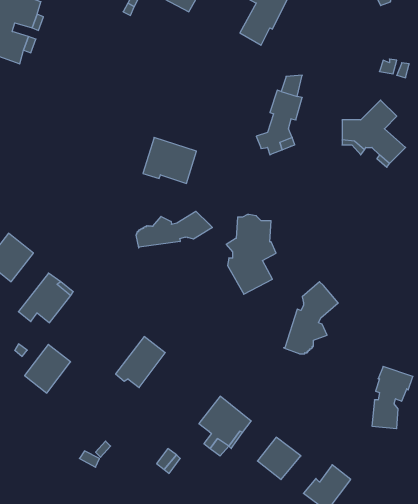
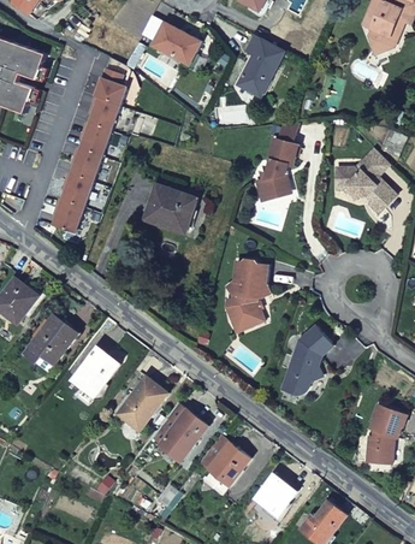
building: none -> [53,67,125,232]
building: [136,211,212,248] -> none
building: [25,344,71,393] -> [73,348,118,395]
building: none -> [150,402,207,461]

